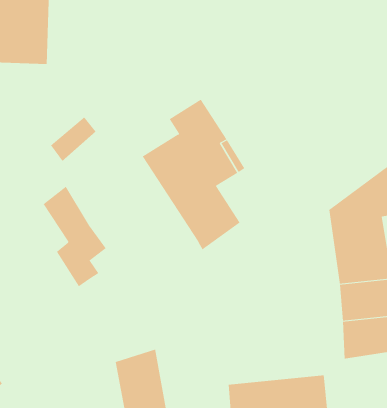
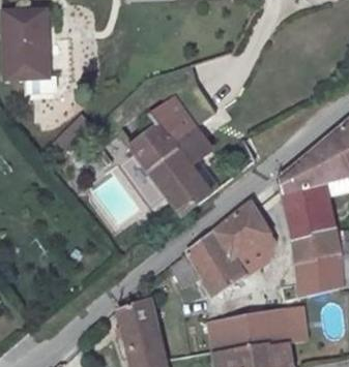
building: [43,186,106,287] -> none
building: none -> [172,201,270,295]

